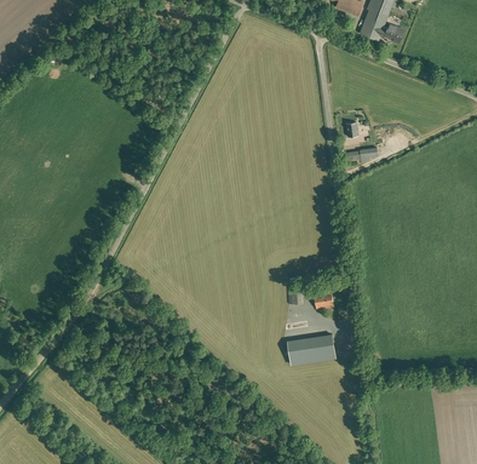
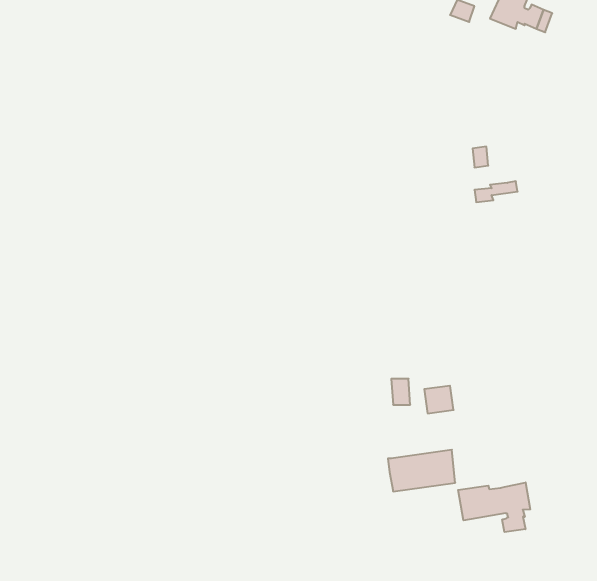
building: none -> [458,482,530,532]

